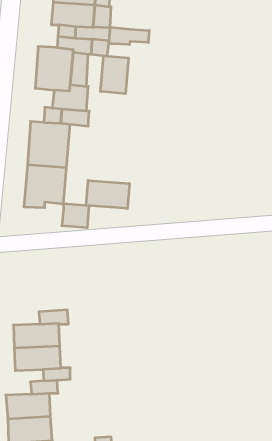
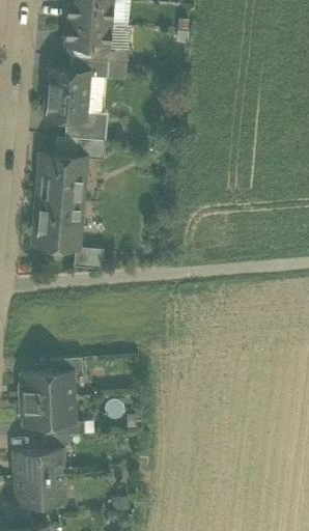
building: [109,27,149,45] -> none
building: [100,56,129,94] -> none
building: [86,180,129,209] -> none

